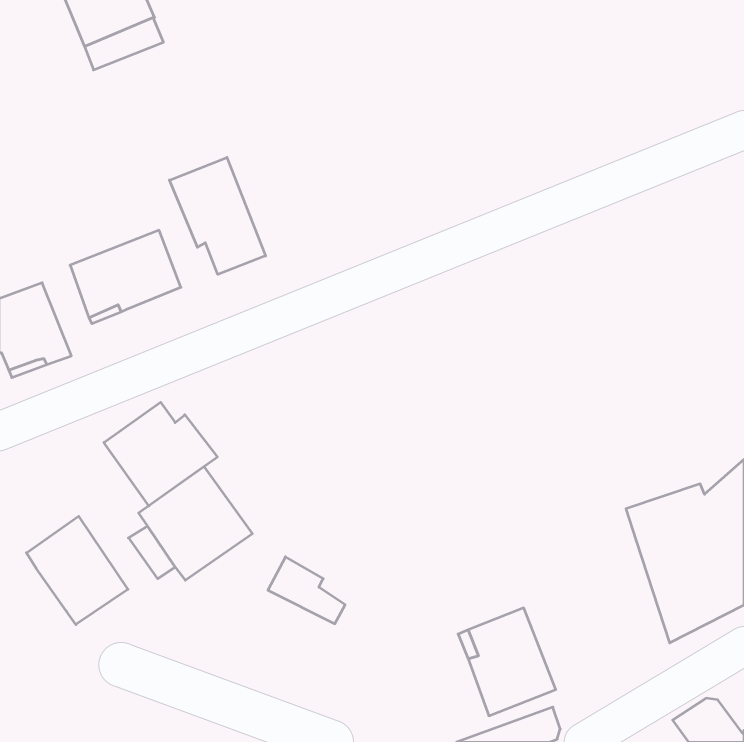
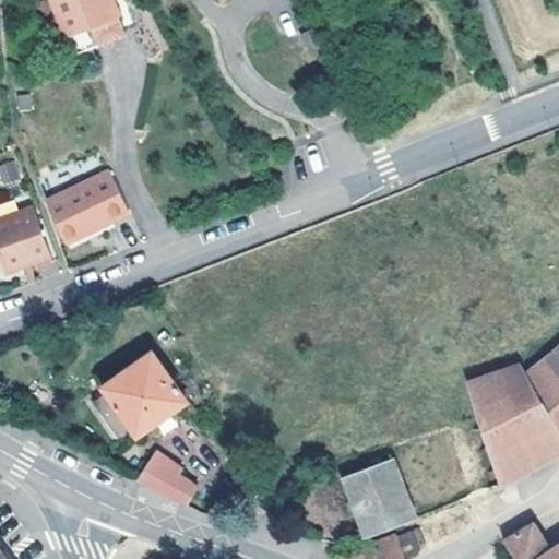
building: [169,157,266,274] -> none
building: [104,402,217,506] -> none
building: [26,516,128,625] -> none
building: [268,557,345,624] -> [135,452,193,502]

